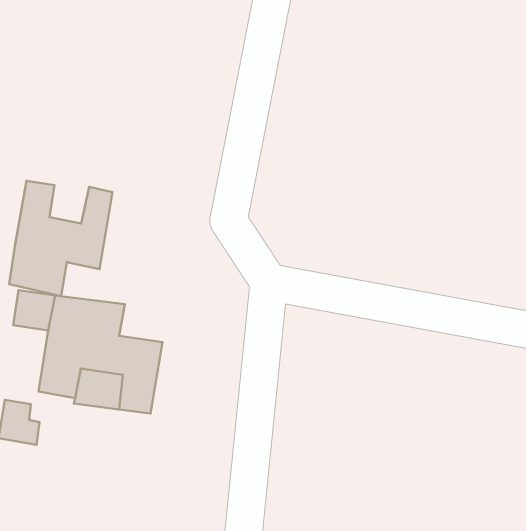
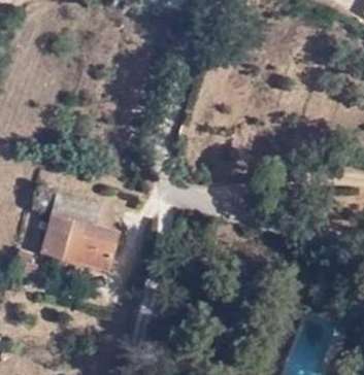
building: [9,181,113,296] -> none

